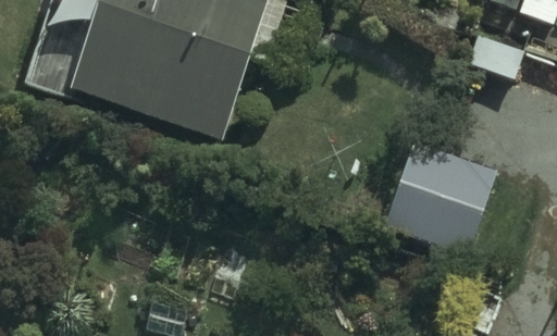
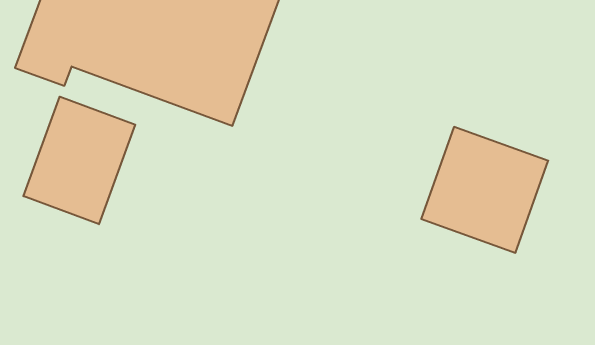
building: none -> [23,97,135,224]

